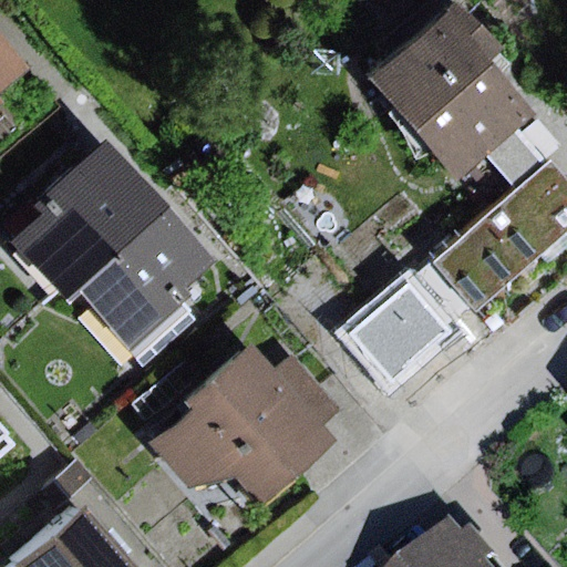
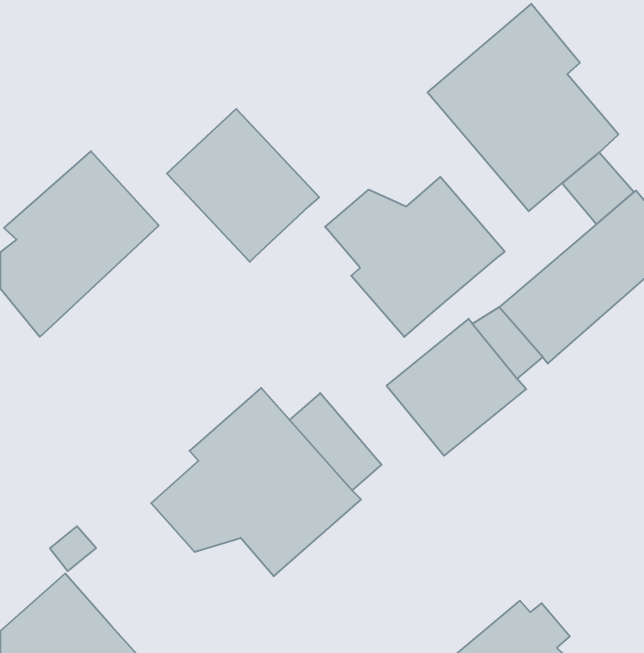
building: none -> [167,109,319,262]
building: none -> [325,177,505,337]
building: [54,196,197,346] -> none

